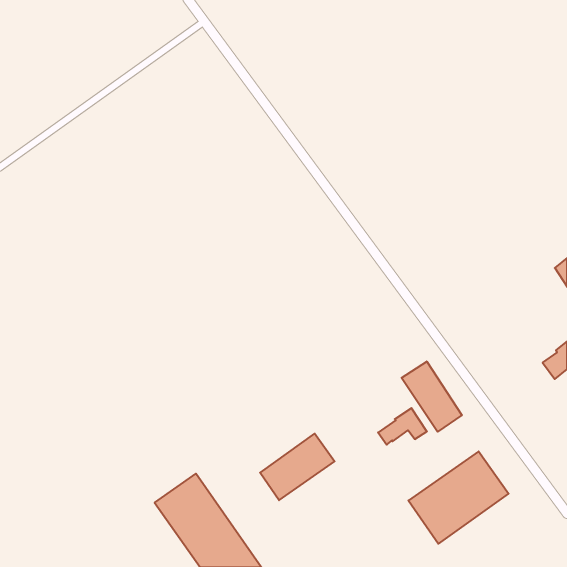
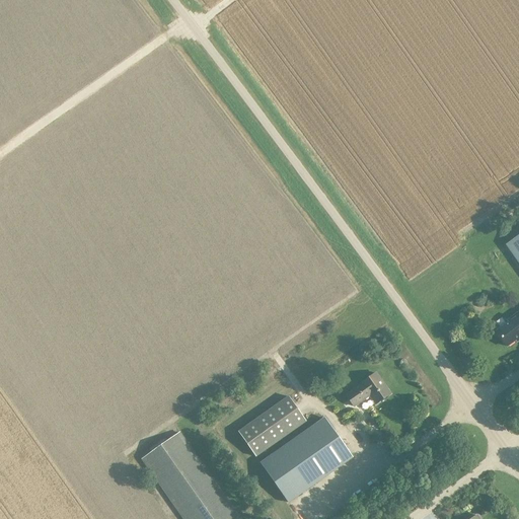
building: [402,361,462,432] -> none
building: [408,451,509,544] -> [260,418,351,502]

